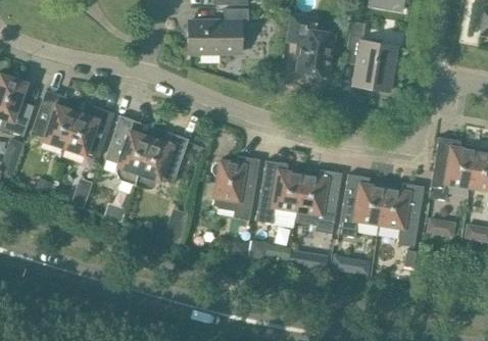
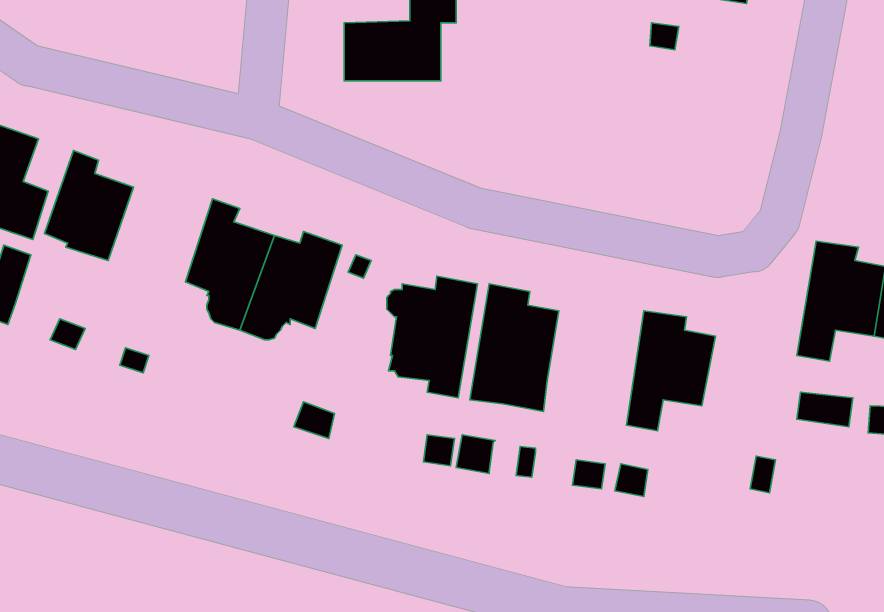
building: [287,14,334,80] -> none
building: [352,40,396,91] -> none
building: [64,108,114,157] -> none
building: [296,168,342,233] -> none
building: [378,183,424,246] -> none

